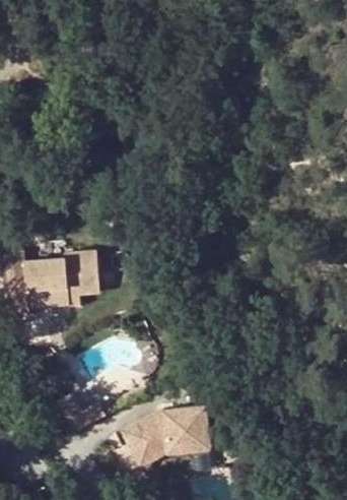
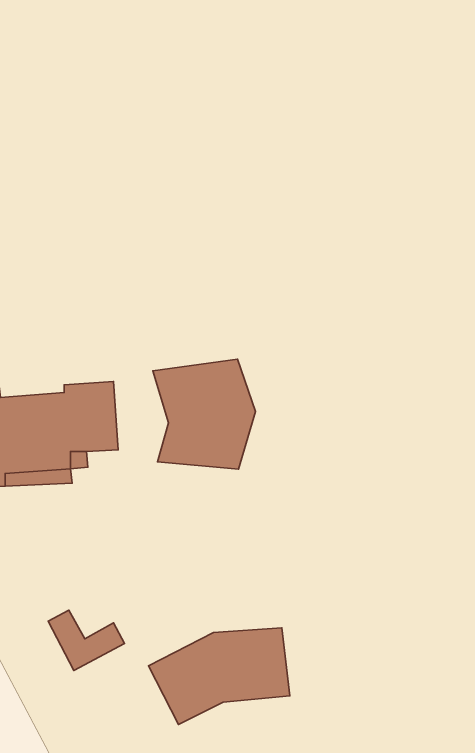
building: none -> [153,359,256,469]

